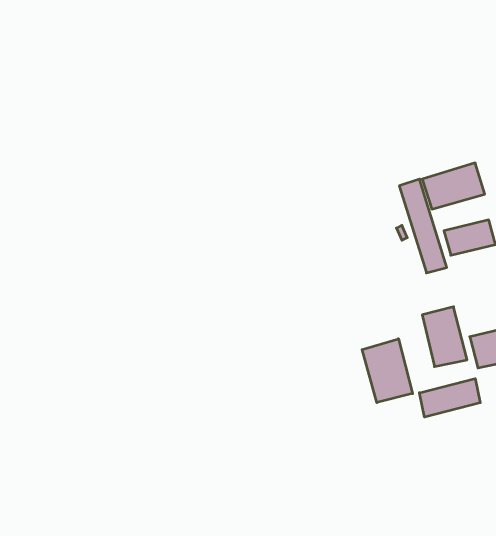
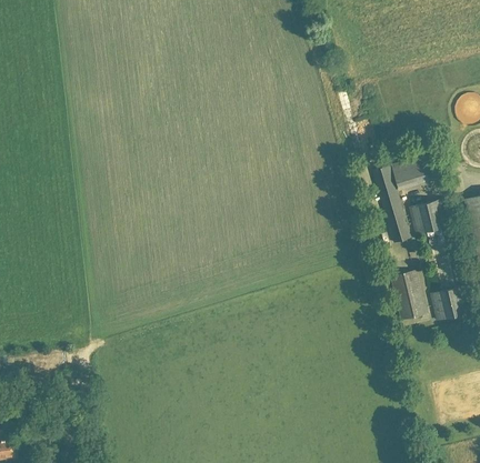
building: [362,339,413,403] -> none
building: [419,379,480,417] -> none

